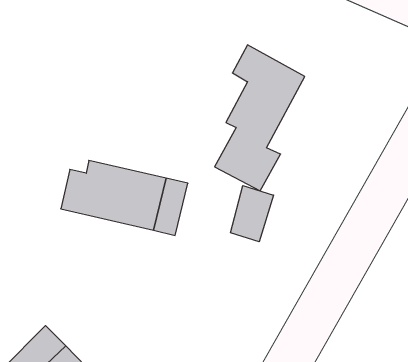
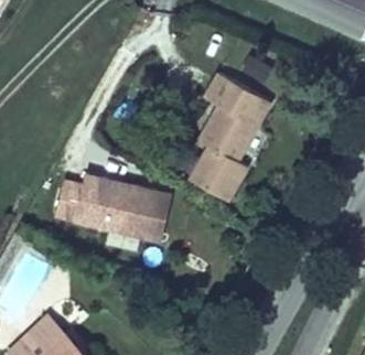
building: [230,186,274,242] -> none

